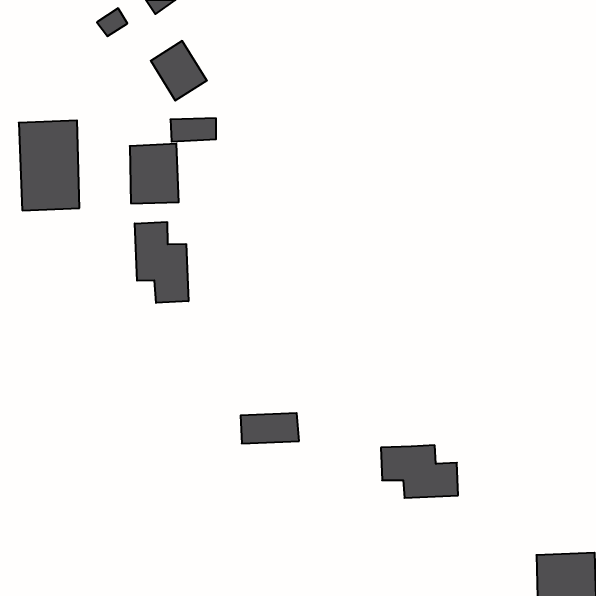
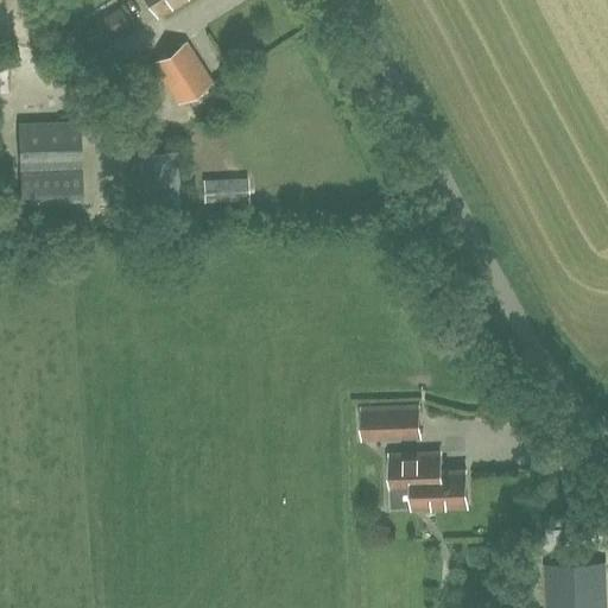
building: [170,118,216,142] -> [203,179,249,203]
building: [135,222,188,303] -> none
building: [241,413,299,443] -> [360,407,419,438]

